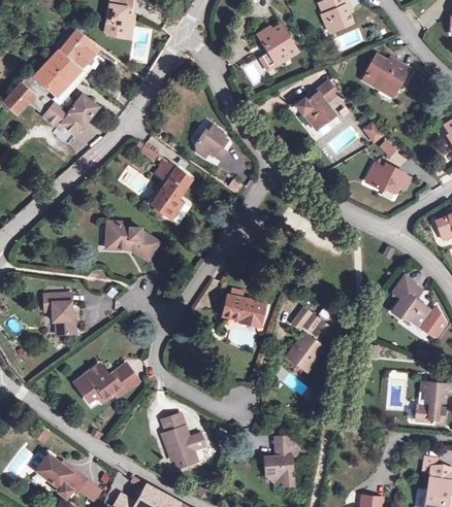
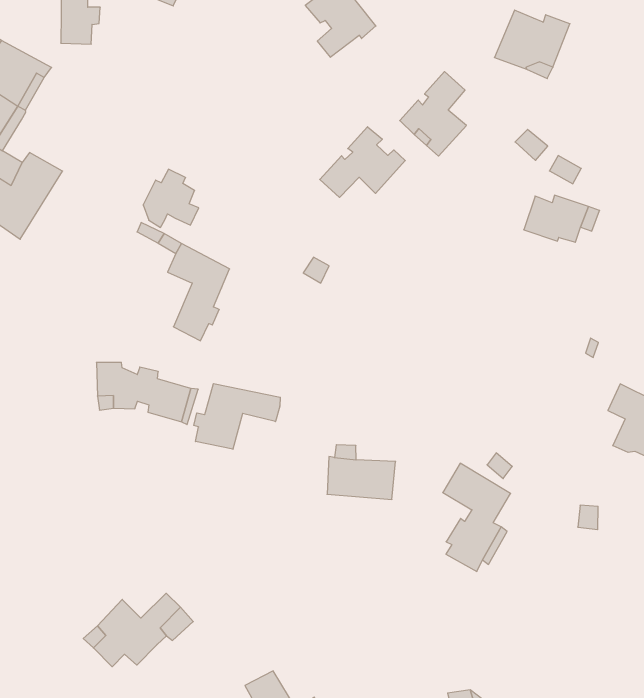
building: none -> [320,127,405,197]
building: [192,124,224,158] -> [143,169,199,227]
building: none -> [194,384,280,449]
building: [40,294,74,335] -> none

